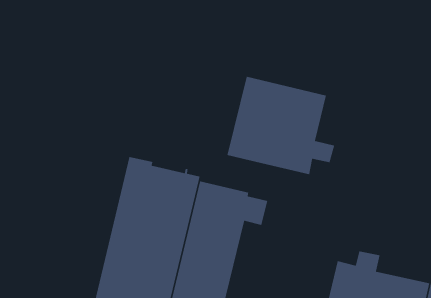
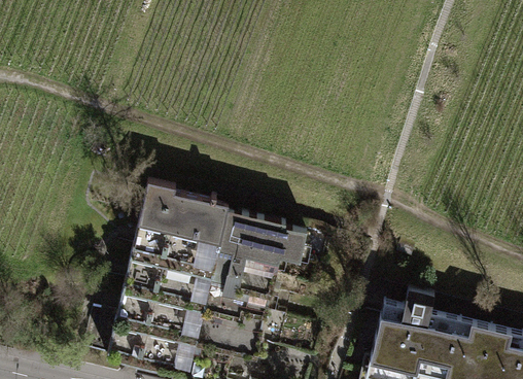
building: [227,76,335,175] -> none

